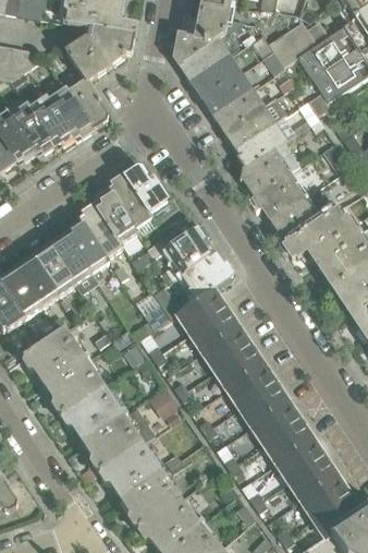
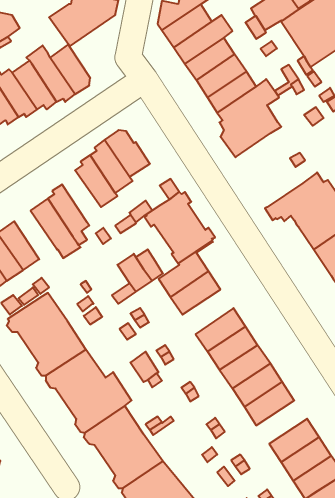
building: [252,169,321,243] -> none
building: [79,206,121,259] -> none
building: [32,247,74,309] -> none
building: [200,326,252,371] -> none
building: [274,437,326,481] -> none

